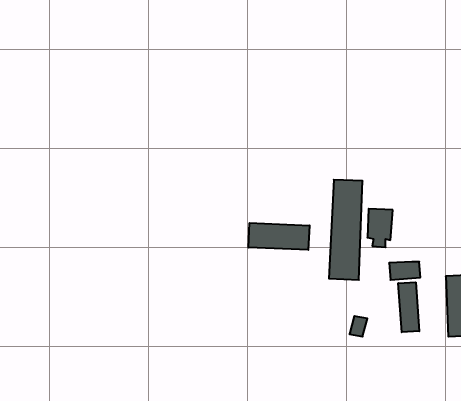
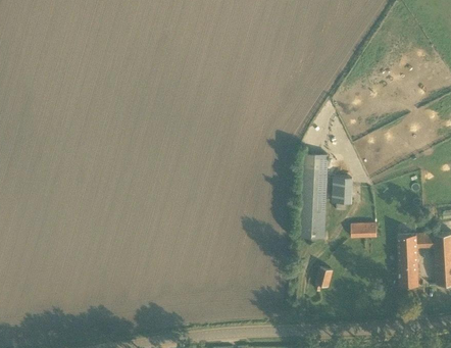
building: [248,223,310,250] -> none
building: [398,282,419,332] -> none

